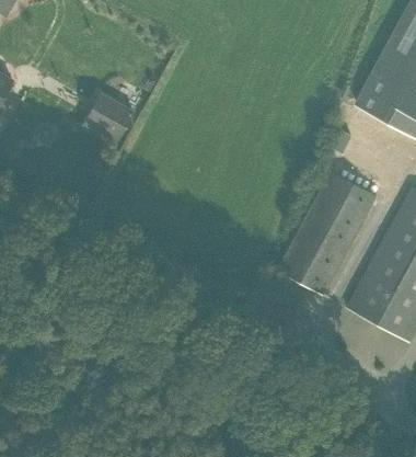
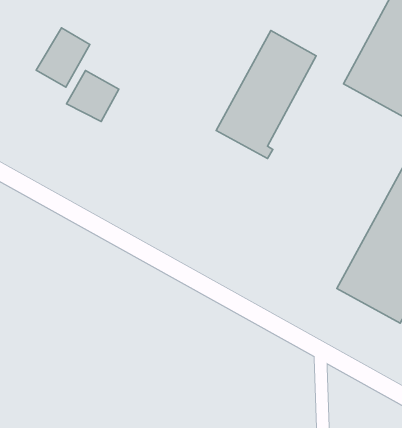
building: none -> [36,28,90,87]
building: [278,171,377,297] -> [216,30,316,158]

